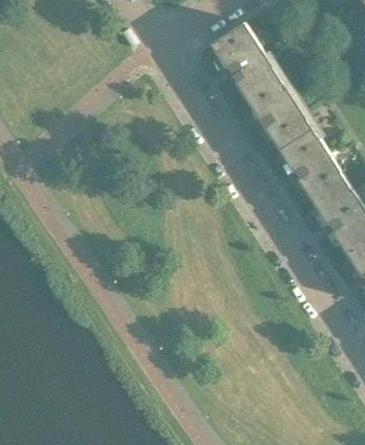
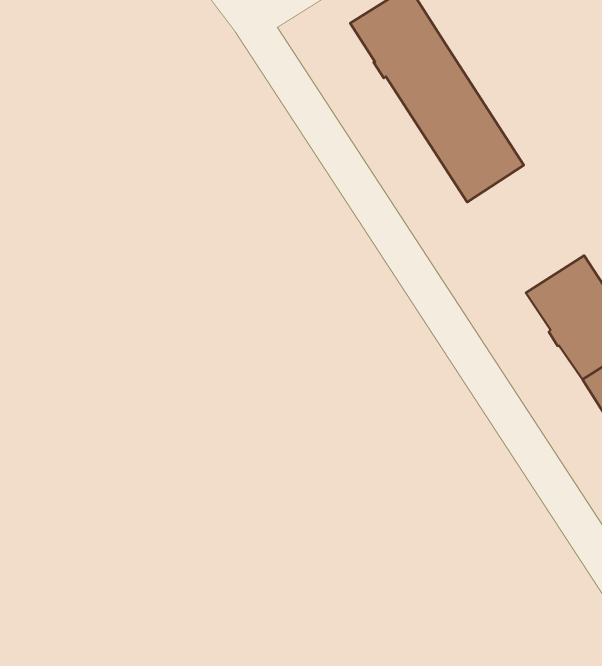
building: [278,127,346,202] -> none

